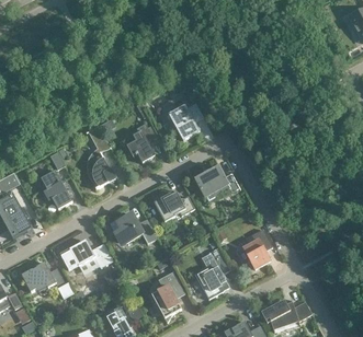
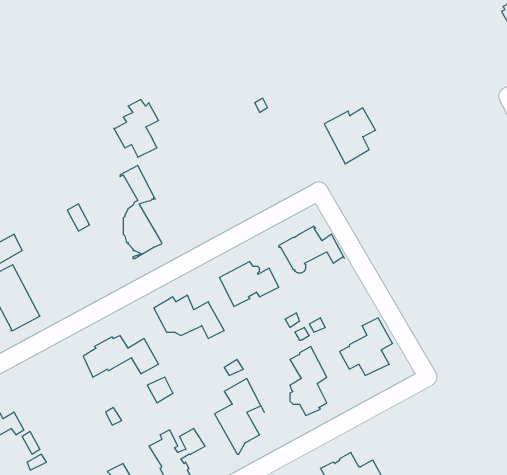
building: [168,102,203,140] -> [324,108,376,164]
building: [125,123,156,162] -> [114,100,159,157]
building: [41,170,71,209] -> none
building: [21,262,73,298] -> none
building: [260,299,311,332] -> none

